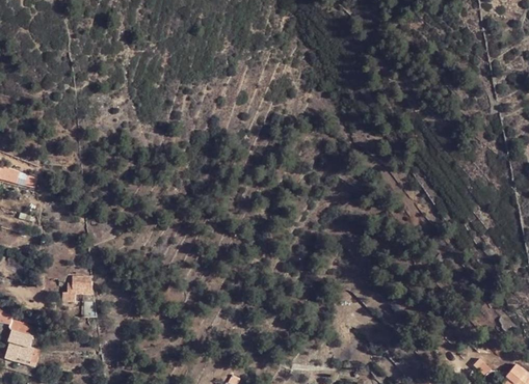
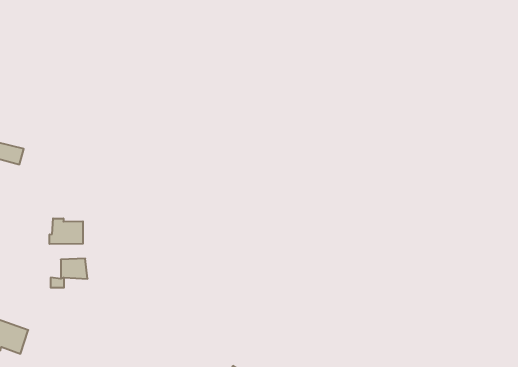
building: none -> [50,218,83,244]

